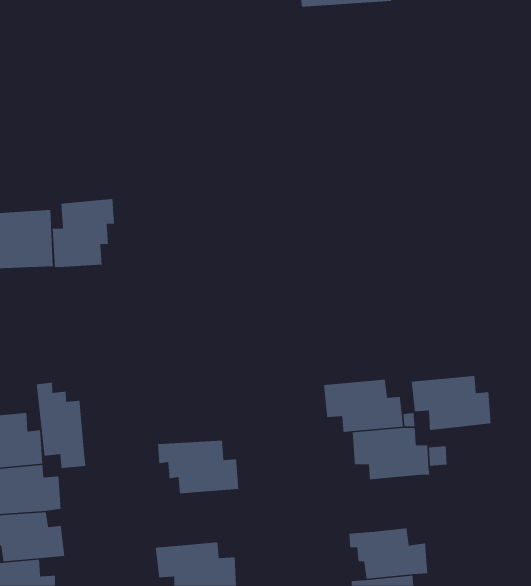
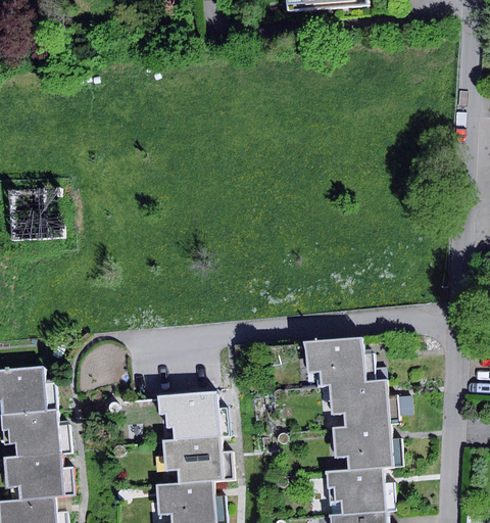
building: [52,198,115,268] -> none
building: [411,375,491,431] -> [332,424,403,473]
building: [36,382,86,469] -> none
building: none -> [161,437,235,485]

